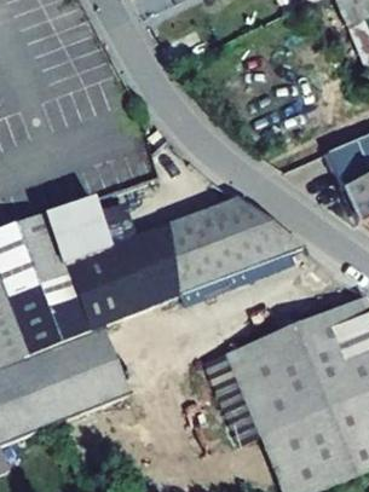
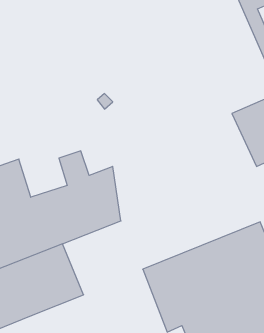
building: [42,197,106,264] -> none
building: [167,198,302,295] -> none

